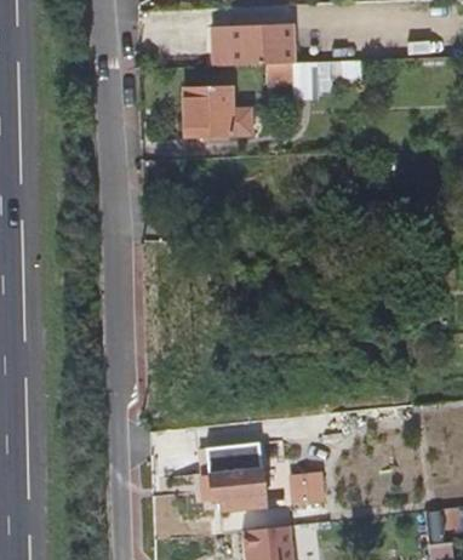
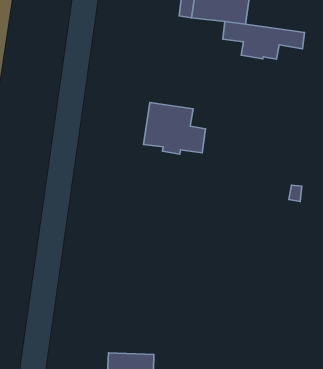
building: [183,85,253,139] -> [143,102,205,154]

